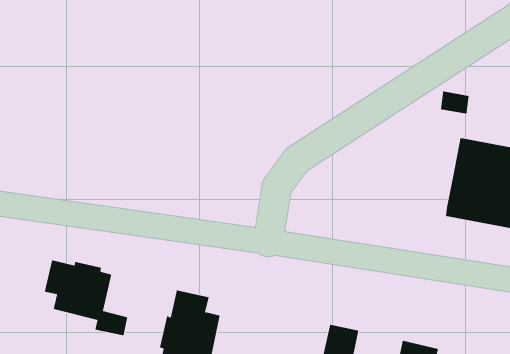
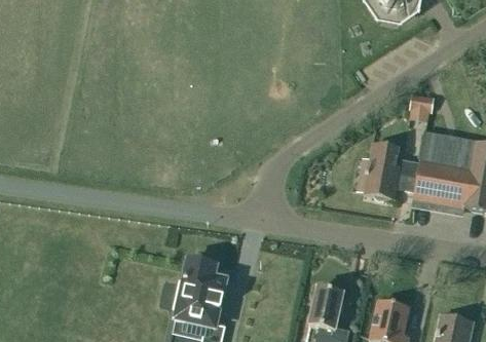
building: none -> [358,145,420,199]
building: [44,260,128,336] -> none

